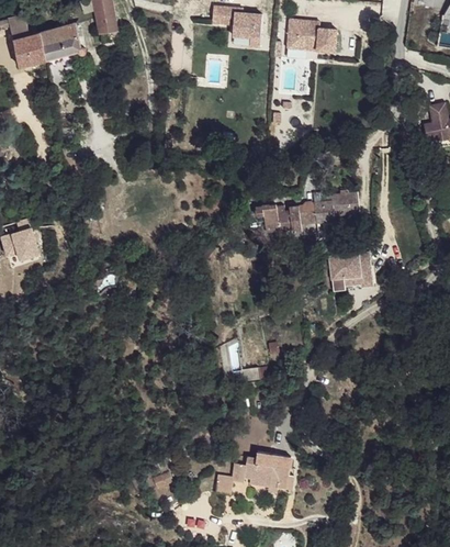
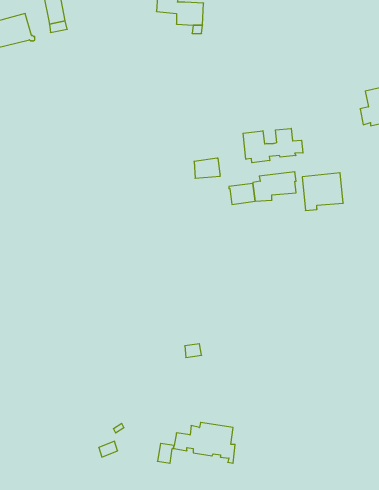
building: [286,19,336,51] -> none
building: none -> [243,128,303,163]
building: [263,208,291,228] -> [194,158,220,178]
building: [328,254,371,293] -> [302,173,343,210]

